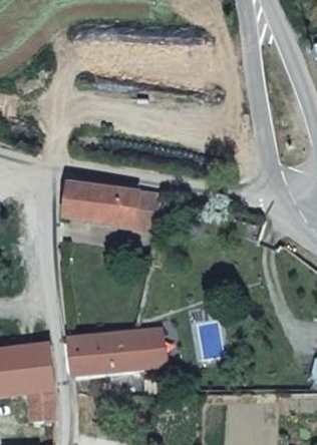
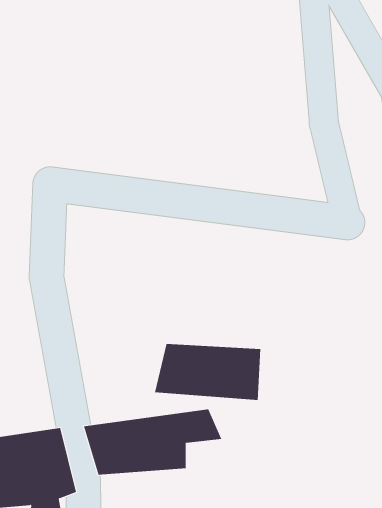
building: [62,182,143,226] -> [154,344,261,400]

